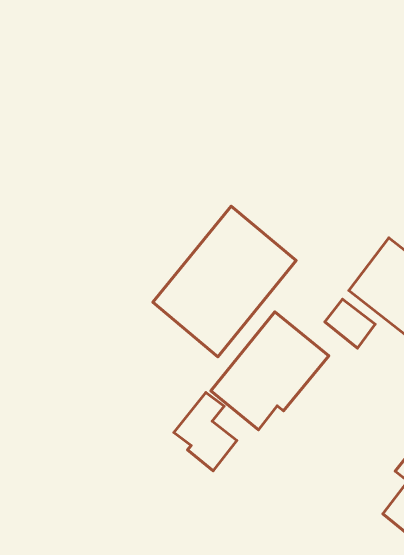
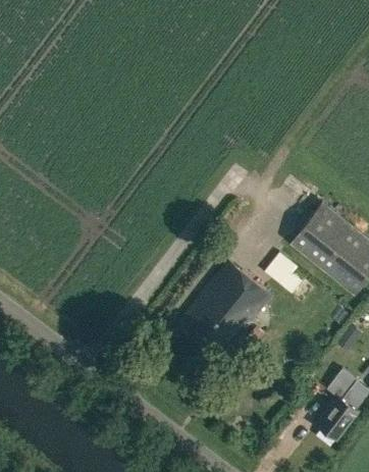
building: [153,206,296,357] -> none
building: [174,392,237,471] -> none

